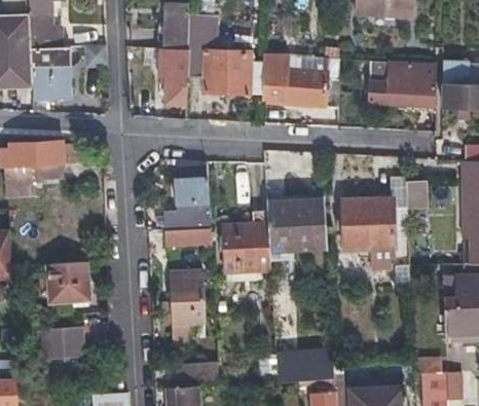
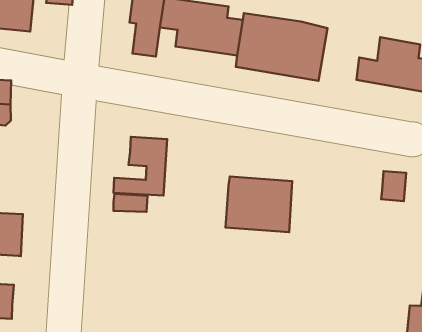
building: [341,195,394,259] -> none
building: [223,212,270,270] -> none
building: [170,271,204,345] -> none

